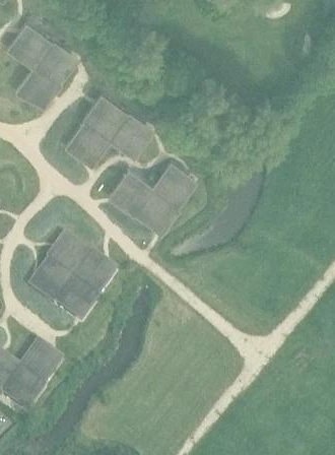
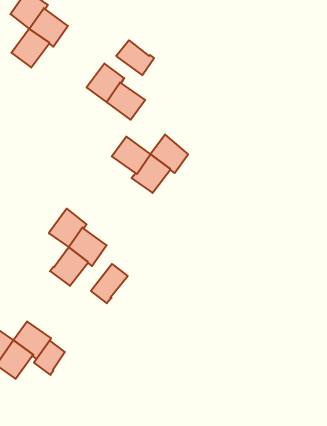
building: none -> [116,40,154,75]
building: [72,120,110,156] -> none
building: [36,261,73,298] -> none
building: none -> [91,264,128,303]
building: none -> [34,340,65,375]

